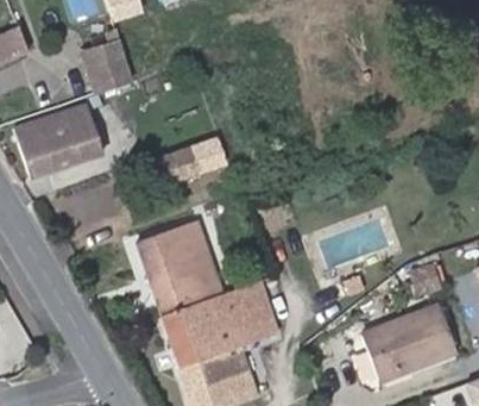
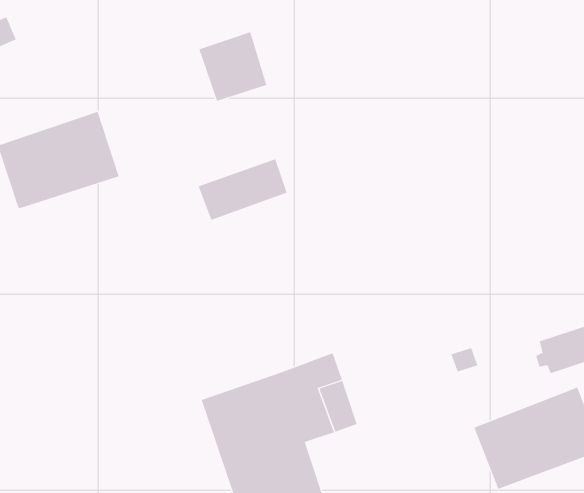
building: [84,40,134,92] -> [199,31,267,102]
building: [138,220,221,314] -> none

